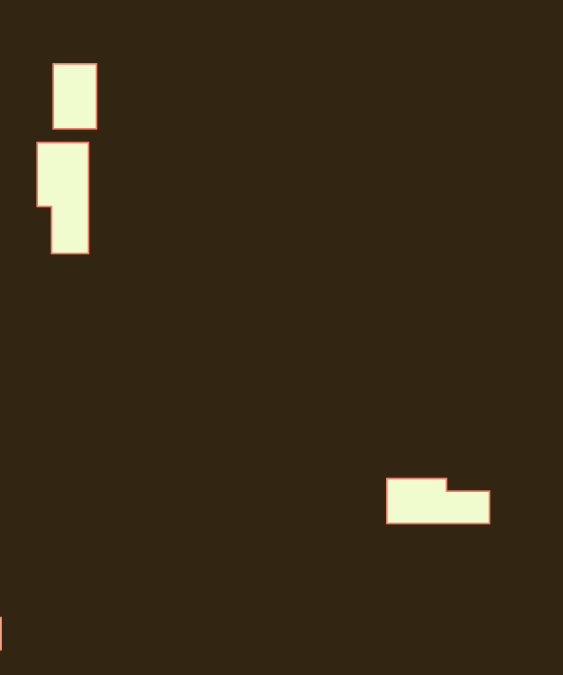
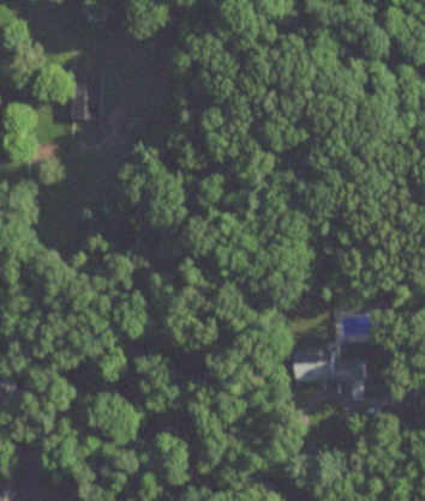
building: [37,142,88,253] -> none

